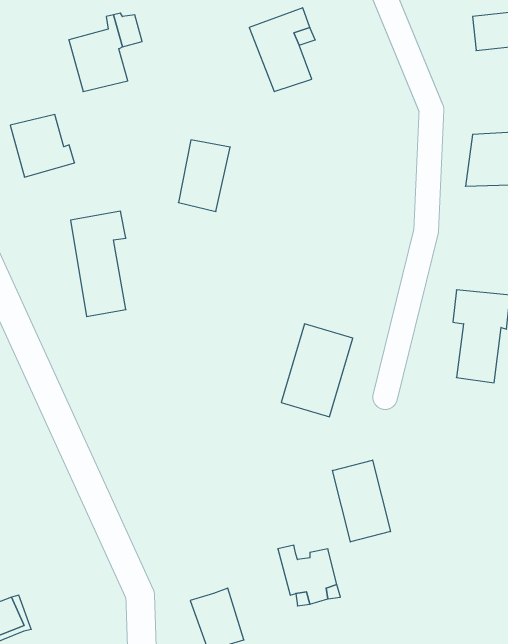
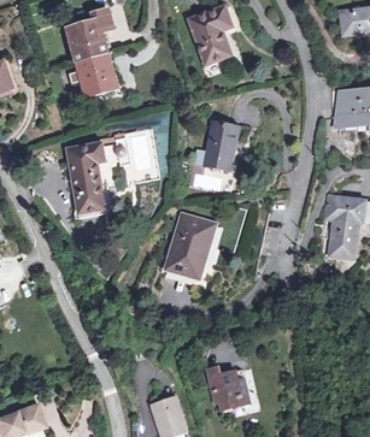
building: [10,115,75,177] -> [77,55,121,98]
building: [178,140,230,211] -> [205,123,240,171]
building: [281,324,353,417] -> [168,215,216,278]
building: [332,460,390,542] -> none

